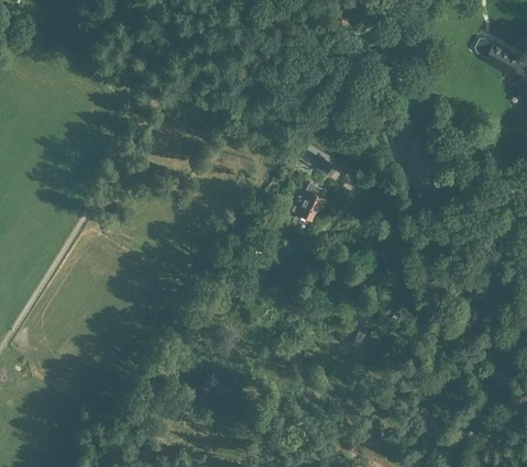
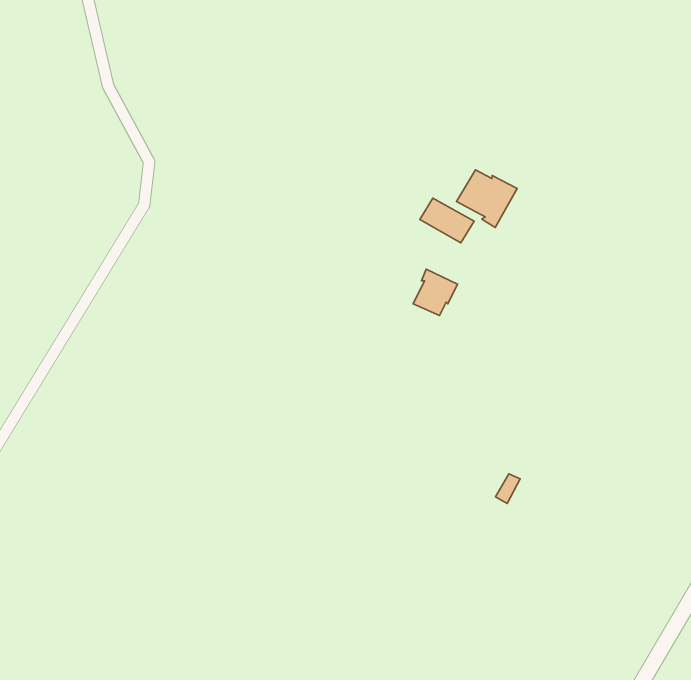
building: none -> [456,170,517,227]

